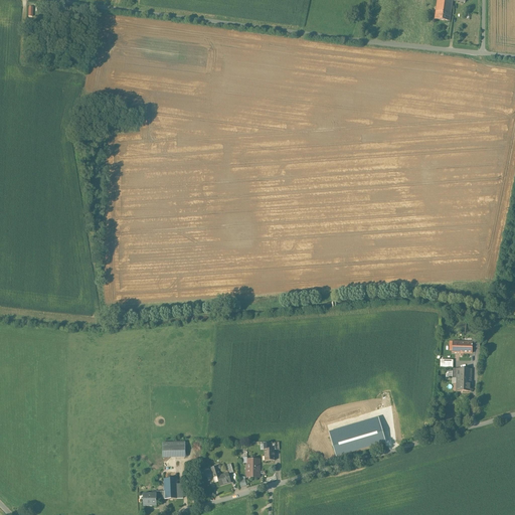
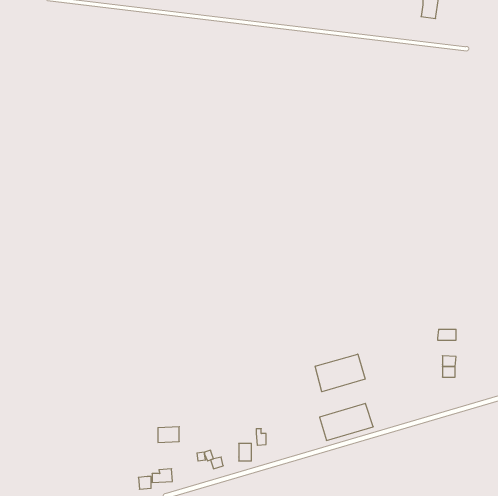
building: none -> [315,354,365,392]

